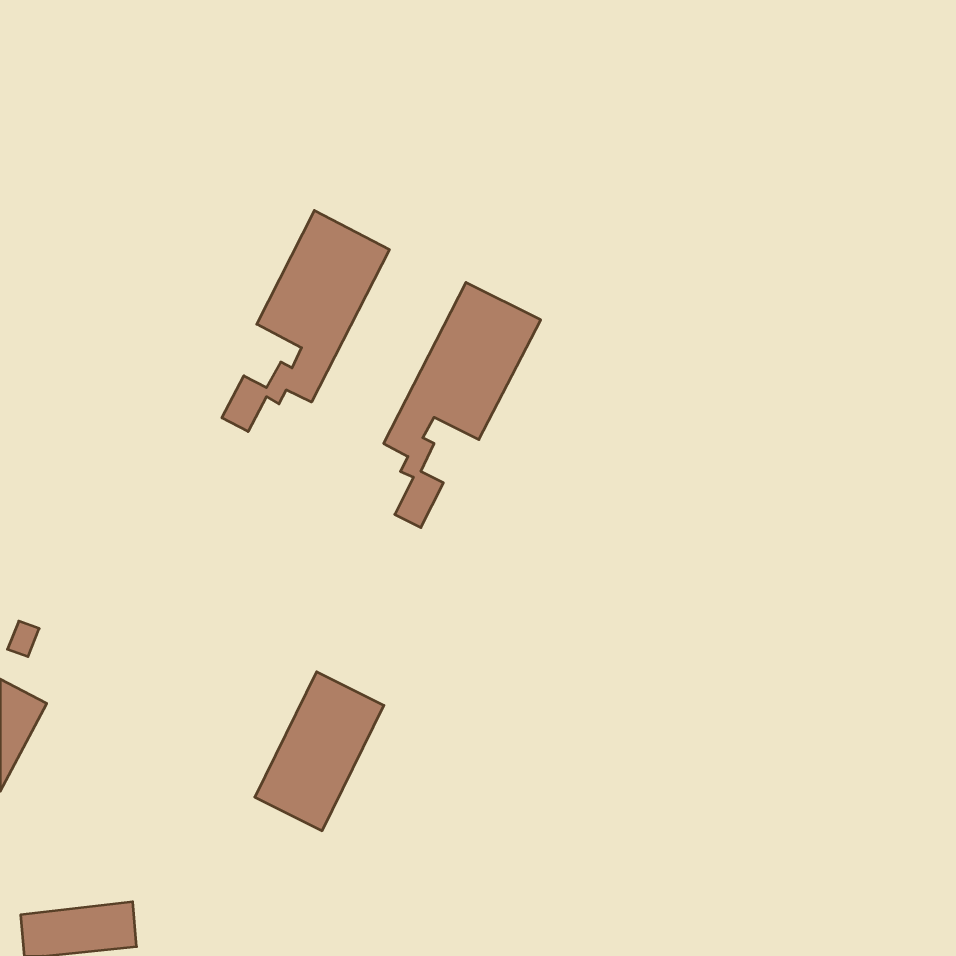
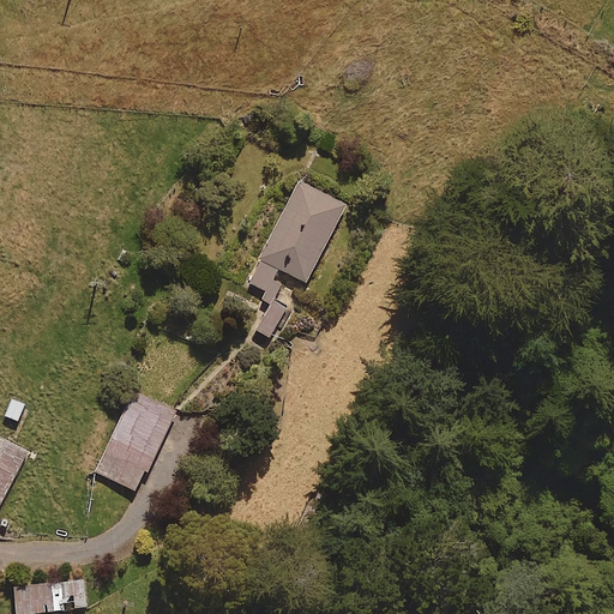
building: [222,210,389,432] -> none
building: [255,672,384,831] -> [94,390,176,492]

